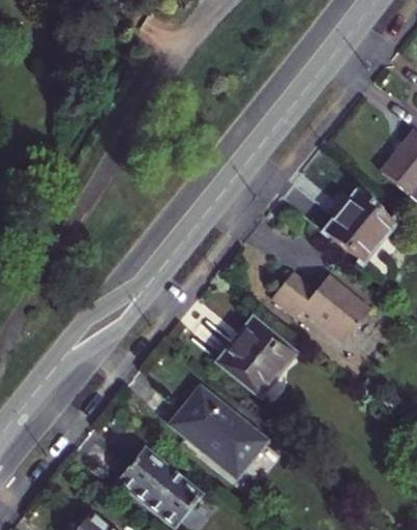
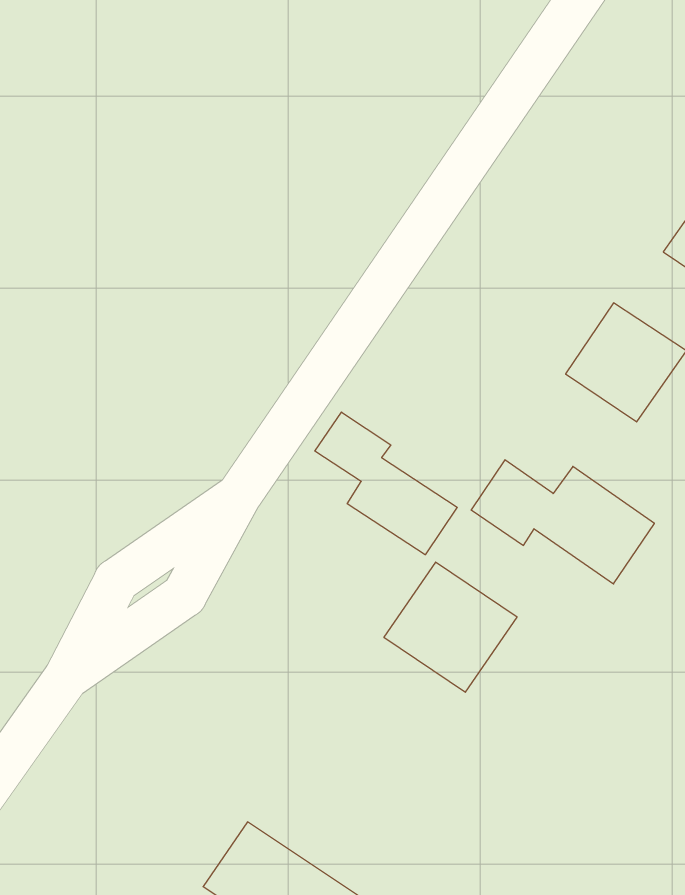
building: none -> [315,412,457,555]
building: [171,388,263,474] -> none

